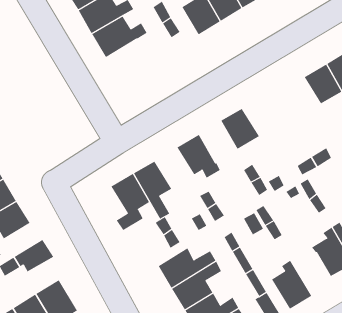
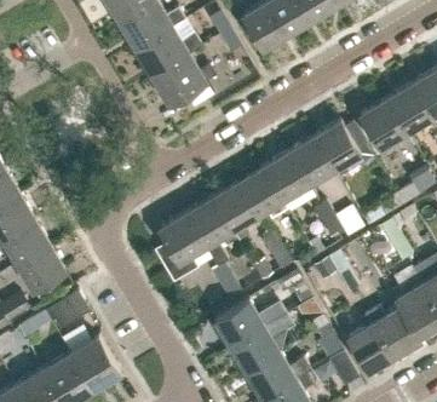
building: none -> [153,56,214,109]
building: none -> [360,100,406,148]
building: none -> [314,121,374,178]
building: none -> [263,151,307,201]
building: none -> [211,183,257,241]
building: none -> [370,306,422,357]

